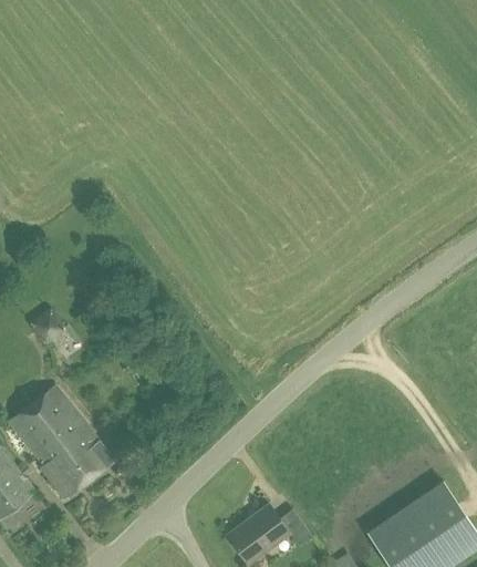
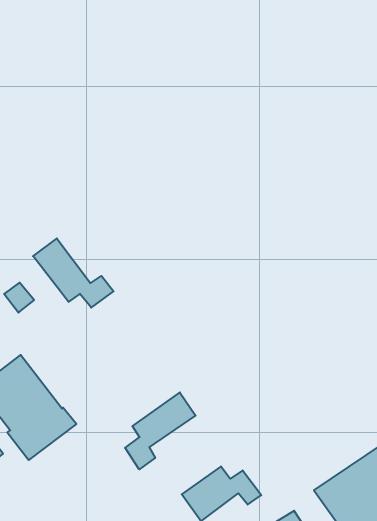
building: none -> [33,238,114,308]
building: none -> [125,392,196,469]

